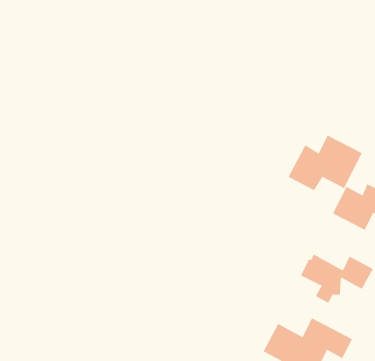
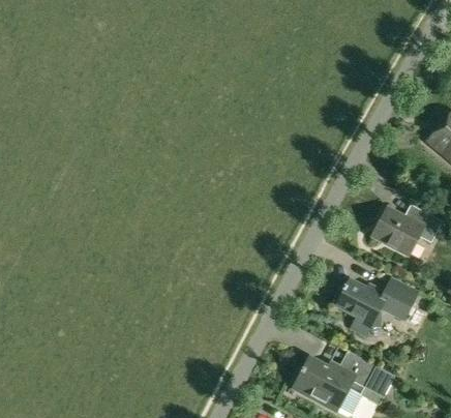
building: [288,135,363,191] -> none

